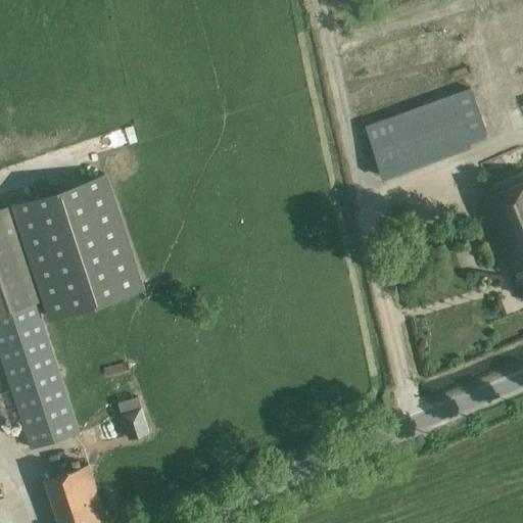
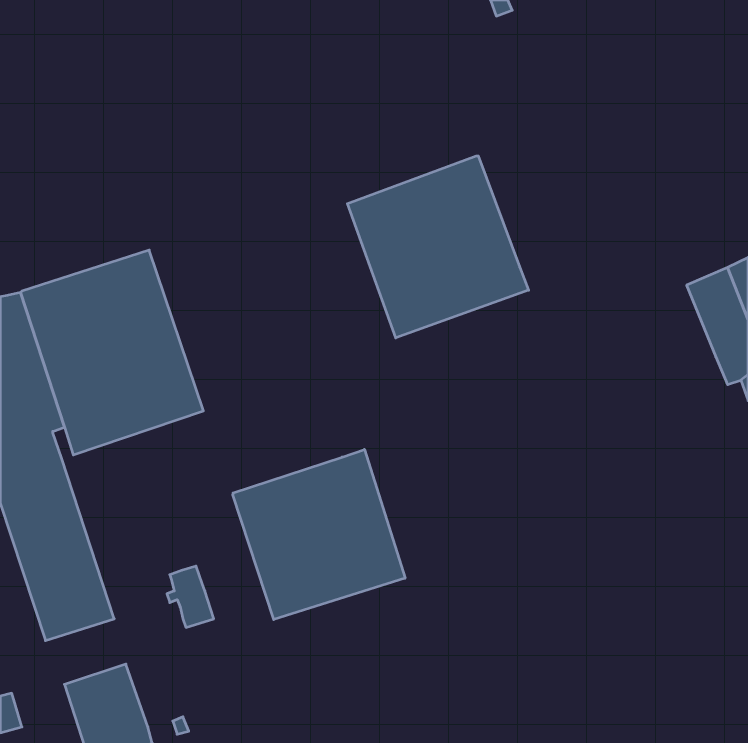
building: [366,90,487,179] -> none
building: none -> [347,156,529,338]
building: none -> [233,449,405,620]

